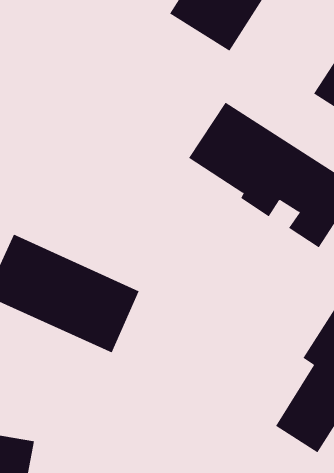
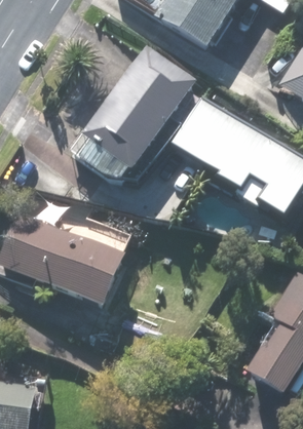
building: none -> [80,45,197,172]

